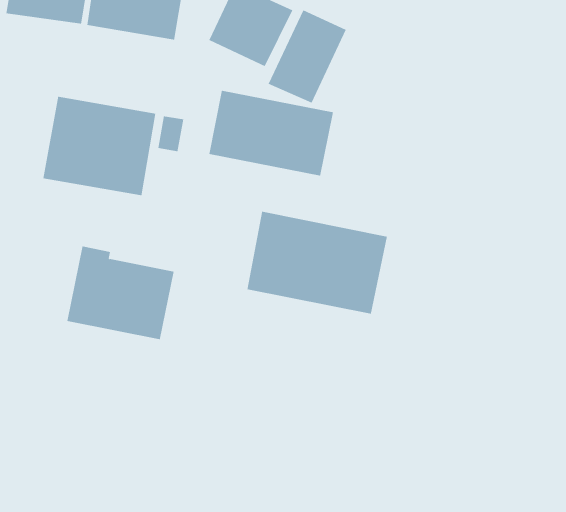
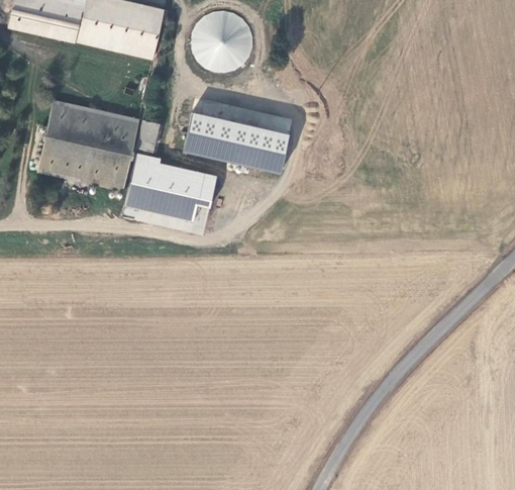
building: [268,9,346,103] -> none
building: [247,211,387,314] -> none
building: [67,246,175,340] -> [122,153,216,234]

